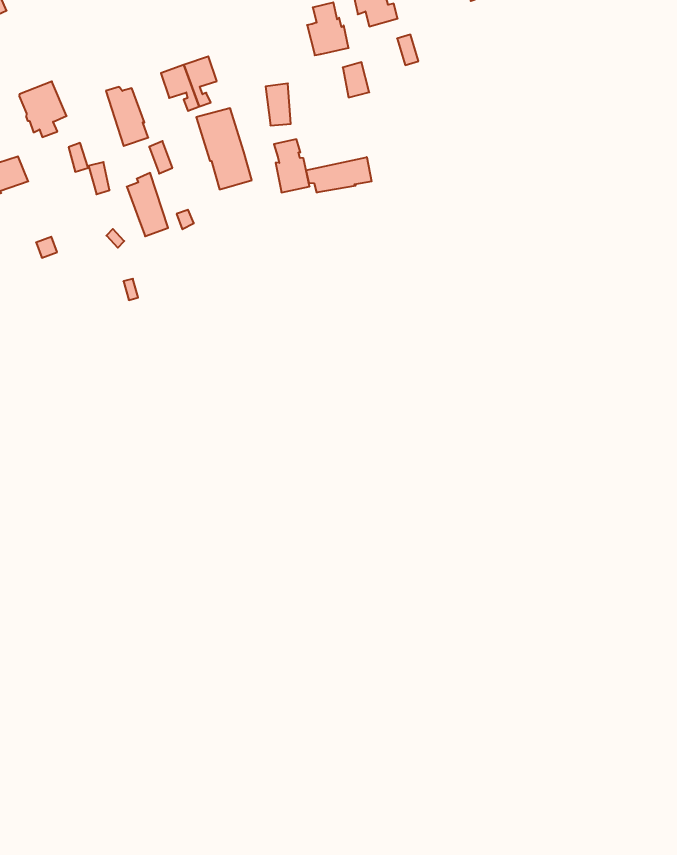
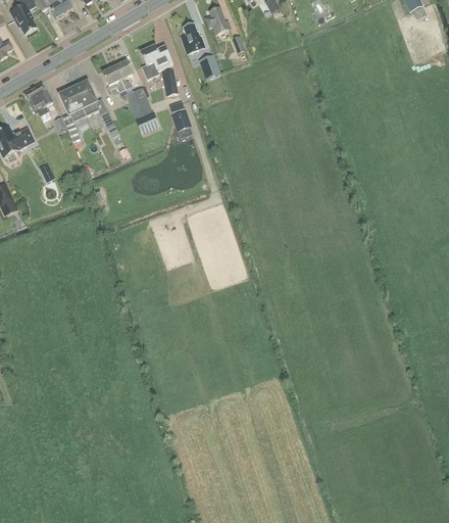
building: none -> [141,45,172,80]
building: [306,157,372,193] -> none
building: [127,173,168,236] -> [60,86,86,122]

